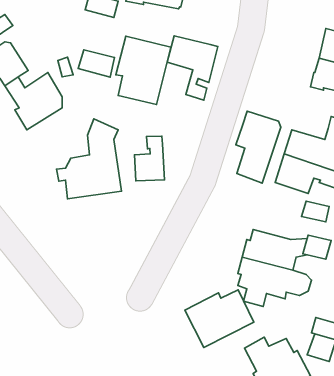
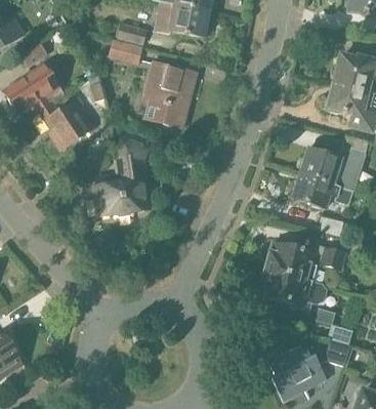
building: [167,36,218,100] -> none
building: [78,50,115,77] -> [108,40,141,66]
building: [236,111,281,183] -> none
building: [135,136,165,181] -> none
building: [185,290,254,348] -> none

